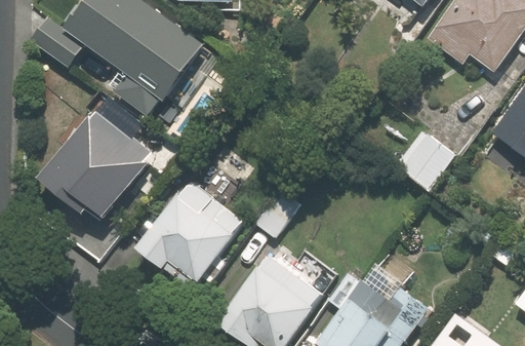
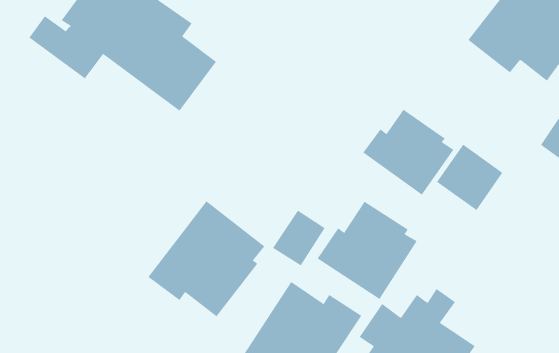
building: none -> [362,109,454,195]
building: [38,104,159,218] -> none
building: none -> [317,201,418,300]

